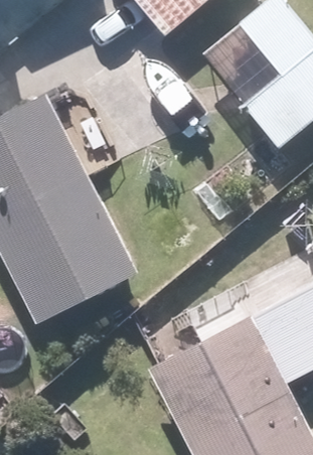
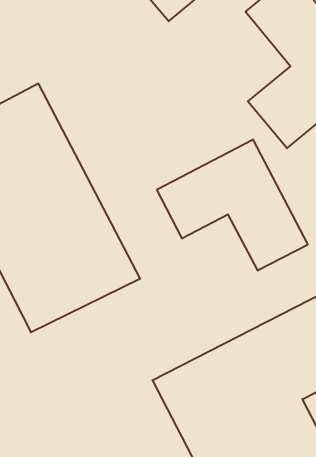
building: none -> [157,139,308,271]

